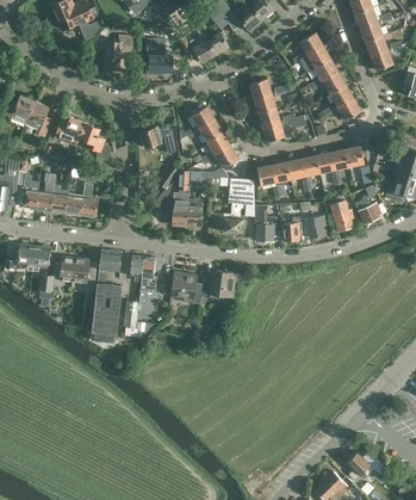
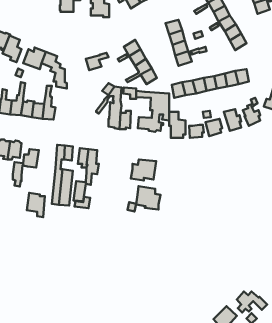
building: [72,258,97,291] -> [27,193,45,217]
building: [170,272,204,304] -> [136,186,160,210]

